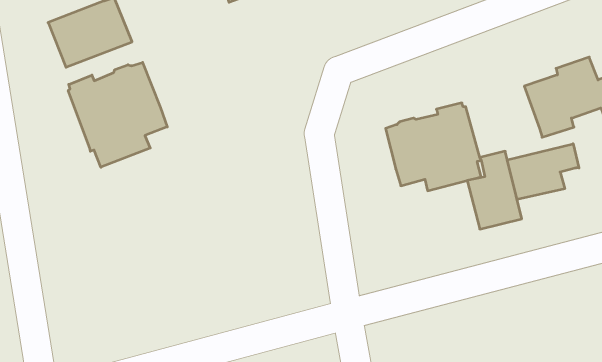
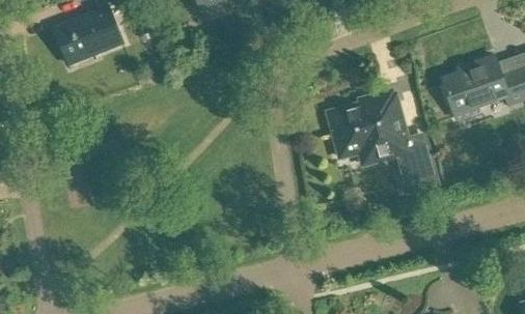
building: [68,62,167,167] -> none
building: [507,144,579,200] -> none

